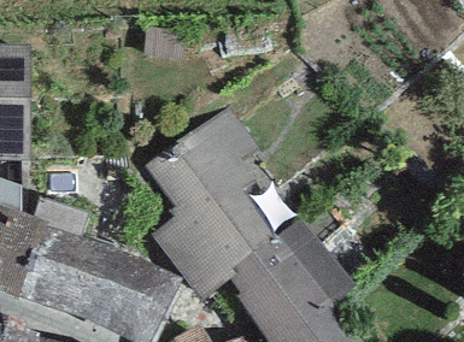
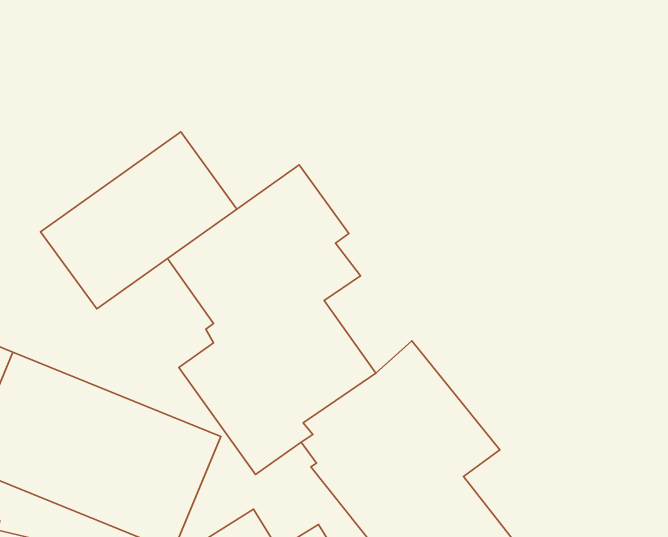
building: none -> [41,132,237,309]

